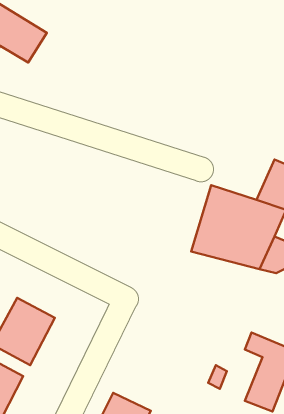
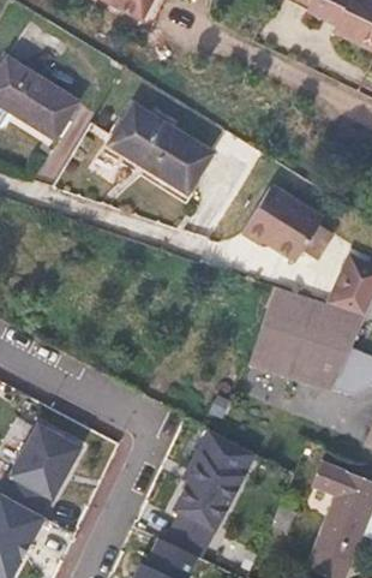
building: none -> [108,105,208,190]
building: none -> [242,185,331,257]
building: none -> [169,431,256,534]

